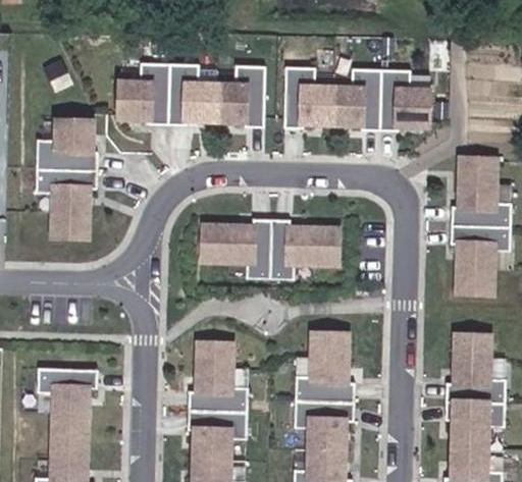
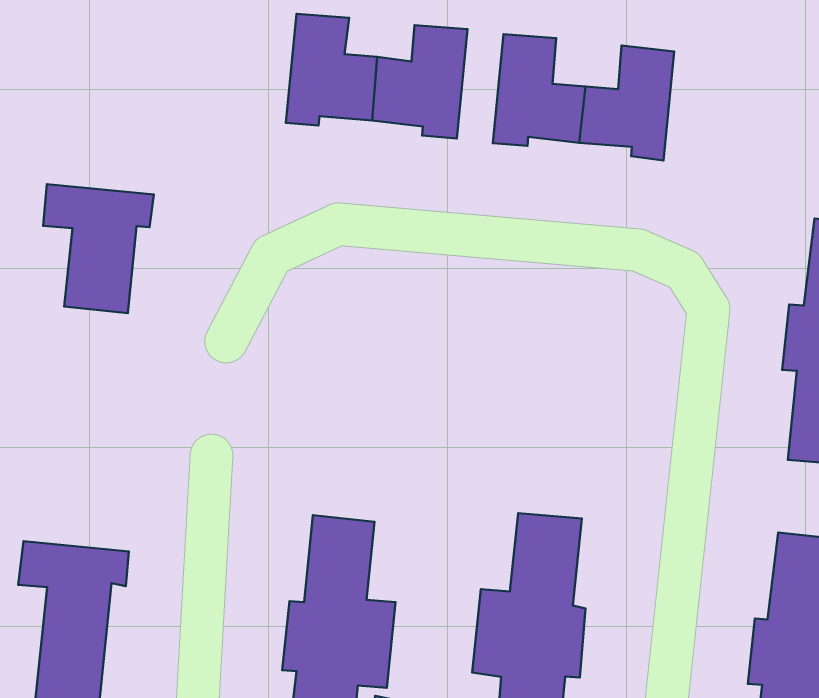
building: [116,63,166,125] -> none
building: [377,68,447,129] -> none
building: [35,113,95,171] -> none
building: [201,218,336,278] -> none

